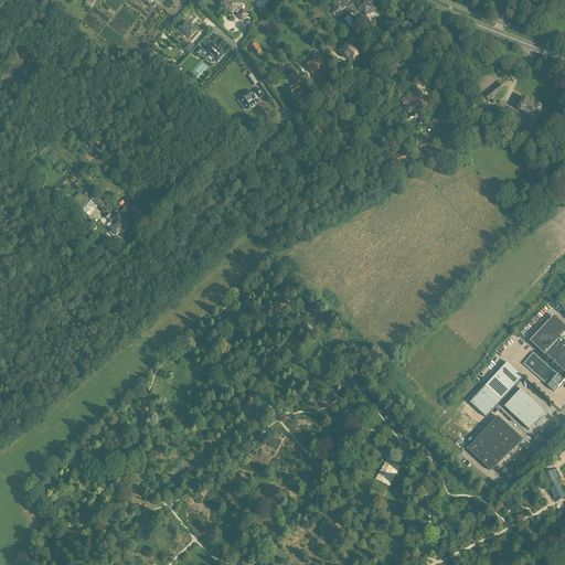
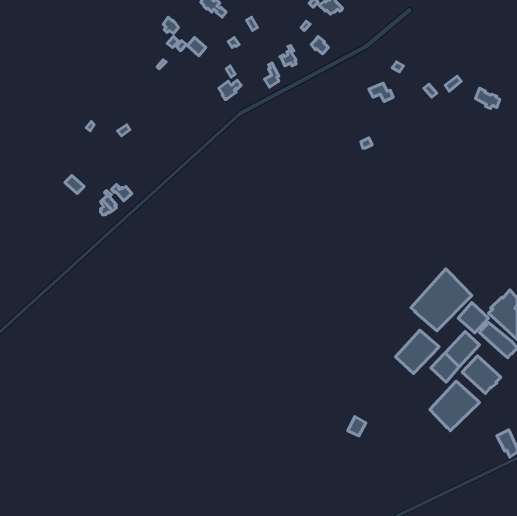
building: none -> [411,269,472,331]
building: none -> [458,302,488,333]
building: none -> [396,330,439,374]

